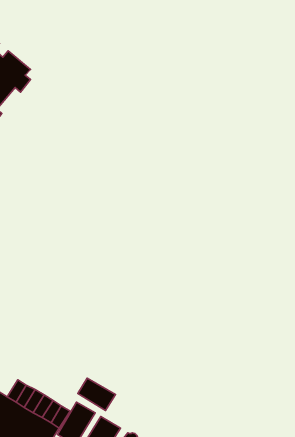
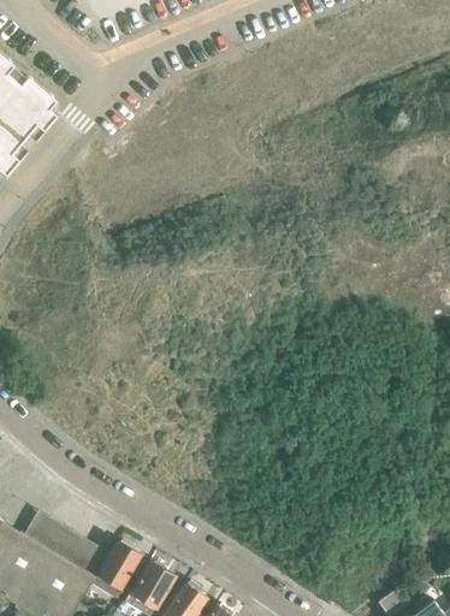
building: [78,378,115,410] -> none

